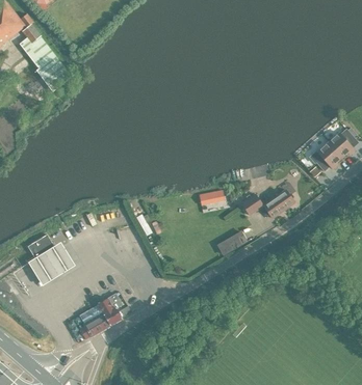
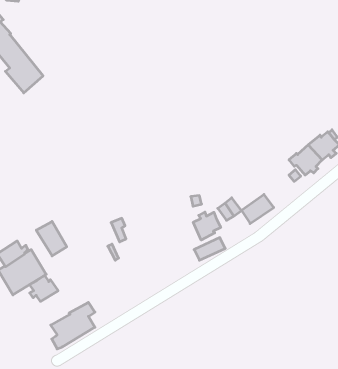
building: none -> [193,212,221,240]
building: none -> [36,221,67,256]
building: none -> [30,275,58,301]

